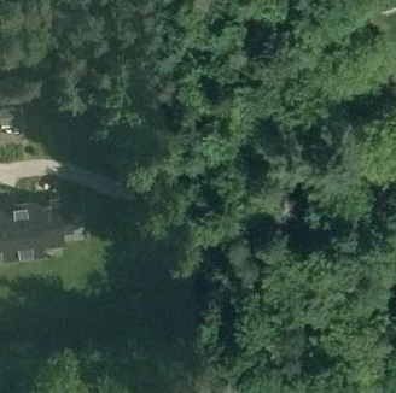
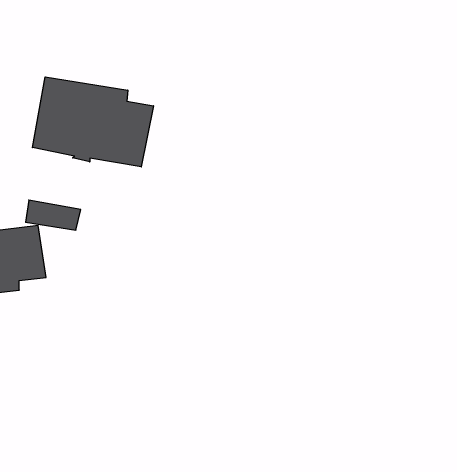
building: none -> [32,77,153,167]

